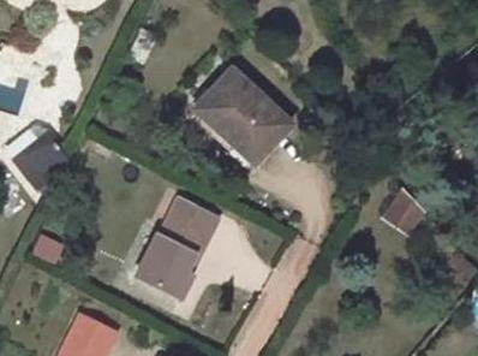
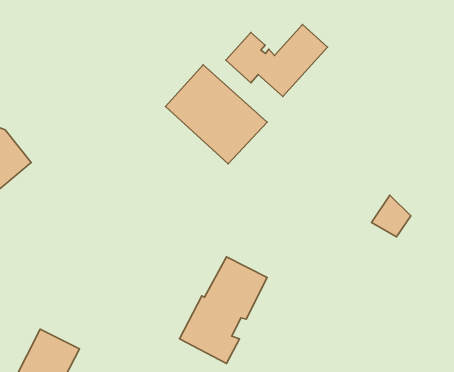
building: none -> [226,24,327,96]
building: [138,200,219,298] -> [180,257,267,364]

